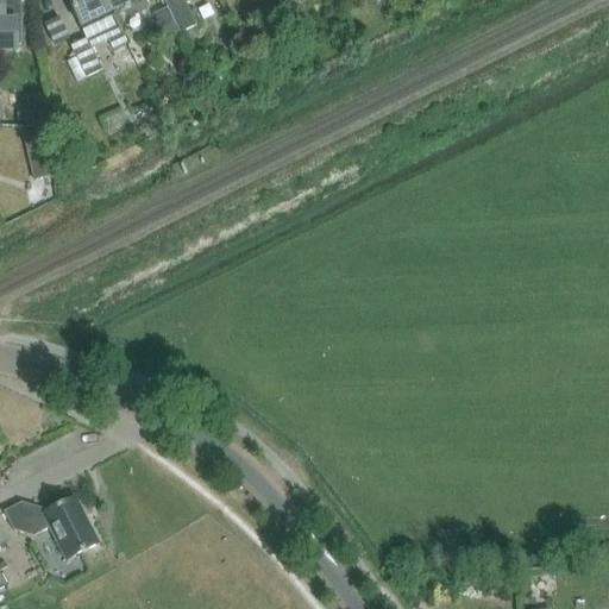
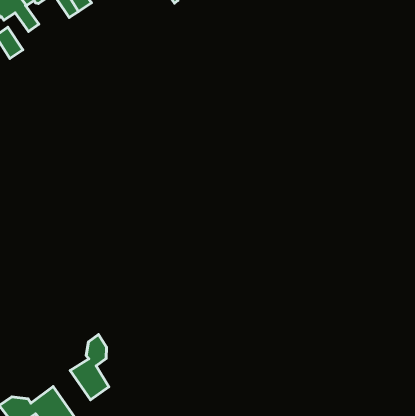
building: none -> [70,334,109,400]

